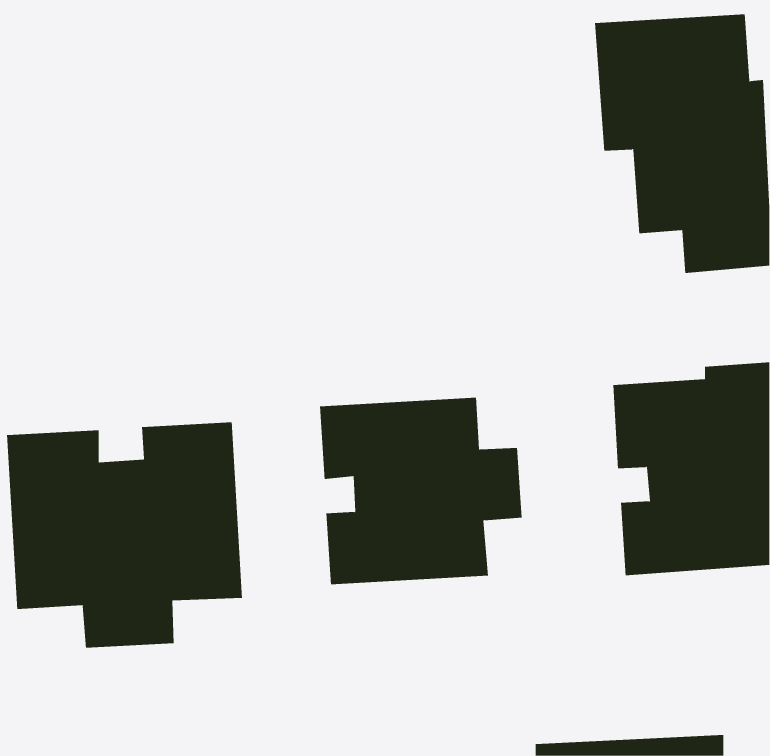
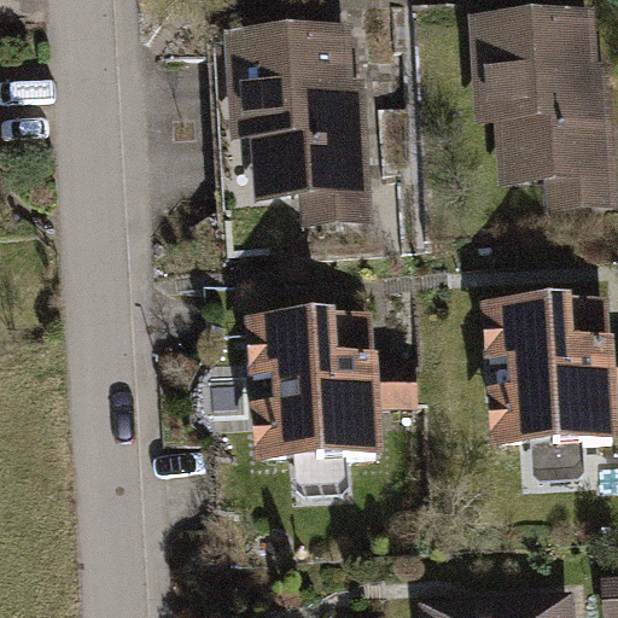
building: none -> [227,33,369,238]
building: [6,422,242,648] -> none

